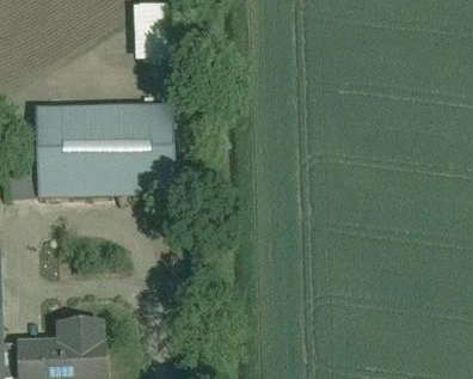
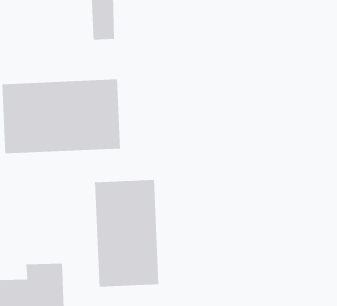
building: none -> [94,179,159,287]

